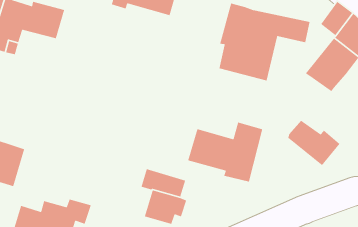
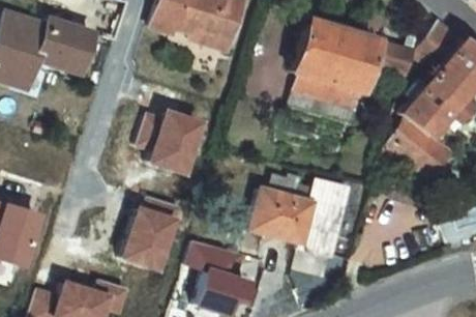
building: none -> [136,107,203,170]
building: [288,120,341,166] -> [394,121,463,181]
building: none -> [123,193,179,267]

